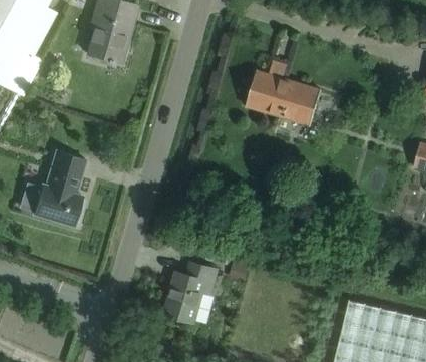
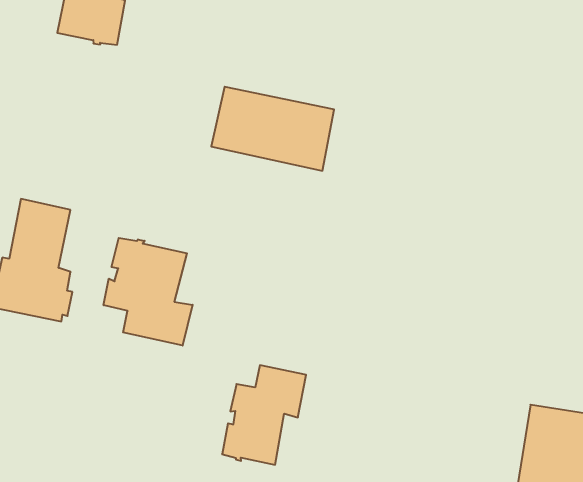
building: [246,70,321,125] -> [211,87,334,171]
building: none -> [104,238,193,346]

